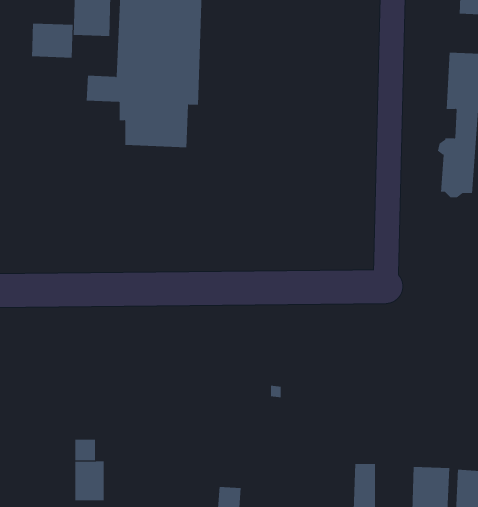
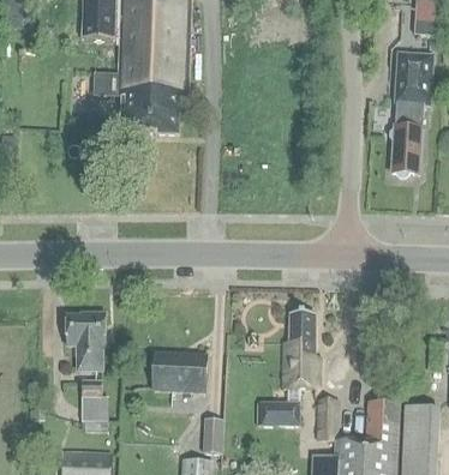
building: [31,23,73,58] -> none
building: none -> [258,309,319,422]
building: none -> [67,311,104,367]
building: none -> [152,350,206,389]

